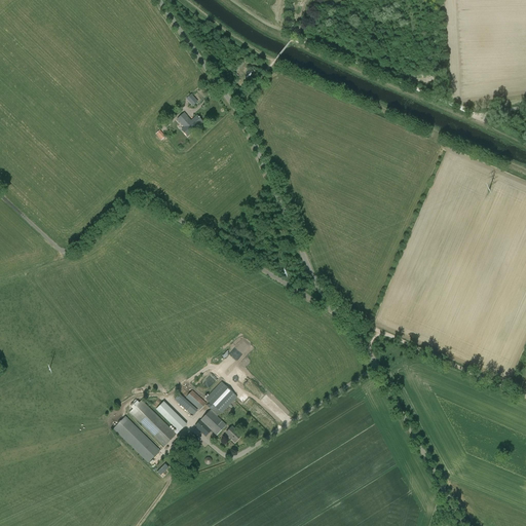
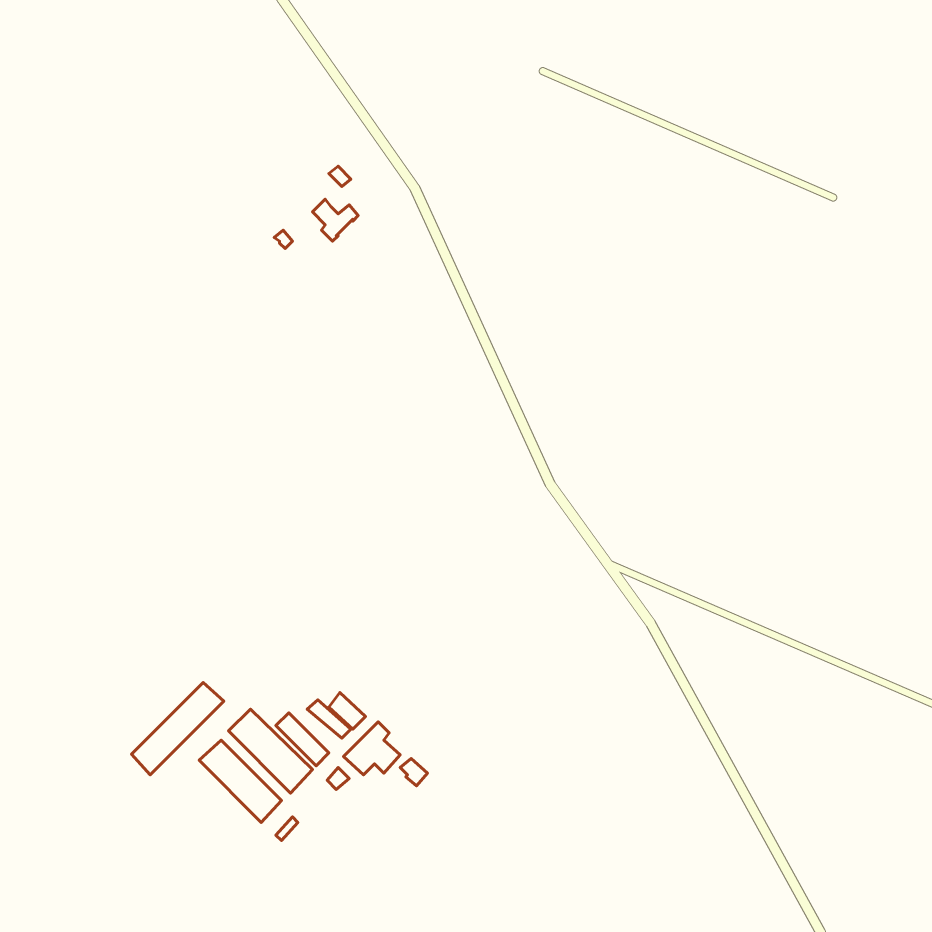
building: [204,381,236,413] -> none
building: none -> [132,683,224,775]

